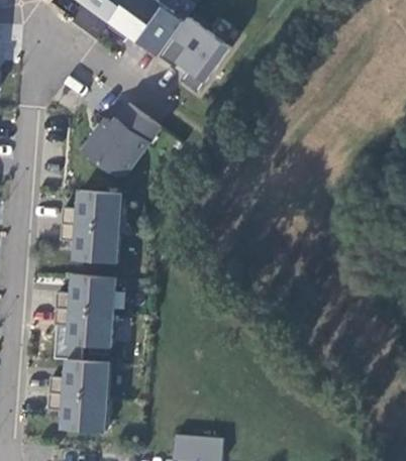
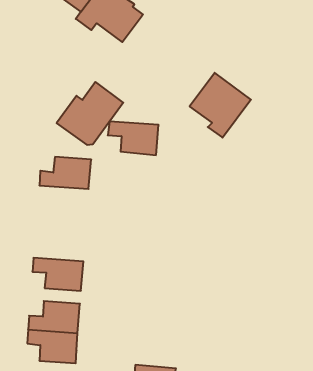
building: [160,17,231,93] -> [190,73,251,138]
building: [61,224,120,263] -> [108,121,159,155]
building: [56,274,116,313] -> none

